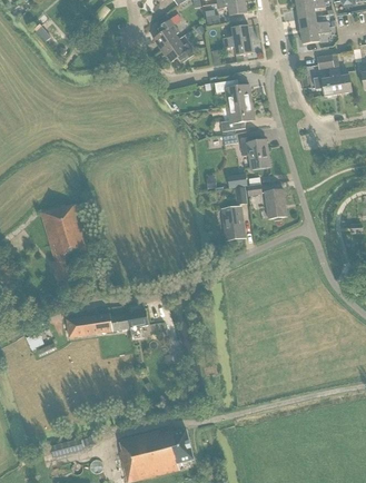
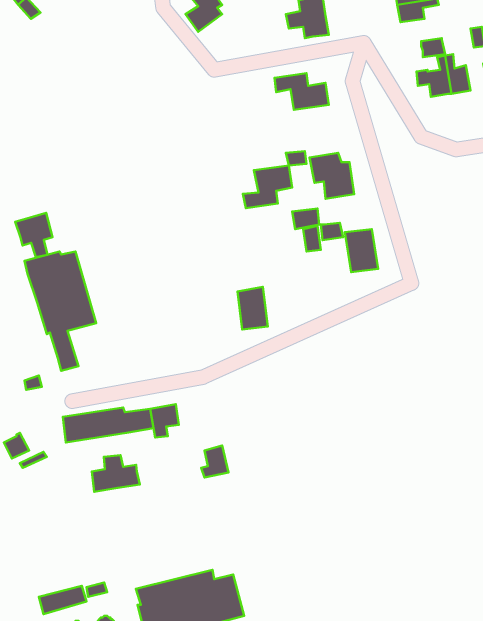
building: [161,38,194,62] -> none
building: [220,101,255,131] -> [243,165,292,208]
building: none -> [15,213,53,257]
building: [222,206,244,236] -> [237,287,268,330]
building: none -> [92,455,140,492]

